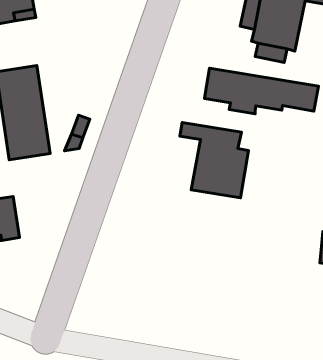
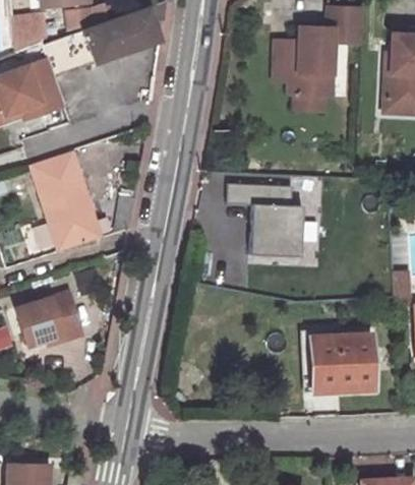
building: [205,68,318,114] -> none
building: none -> [313,334,375,390]

